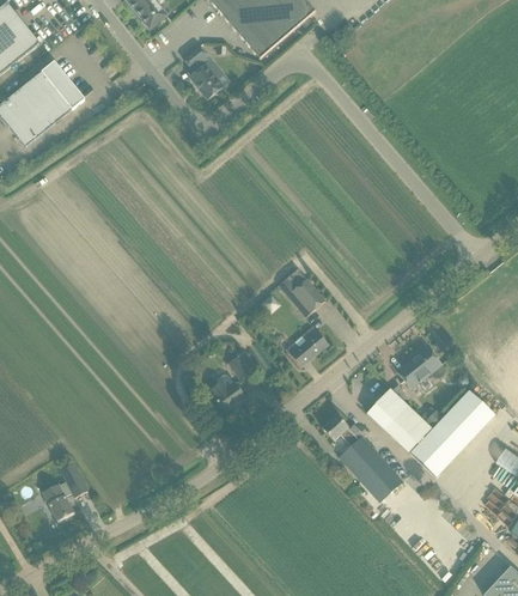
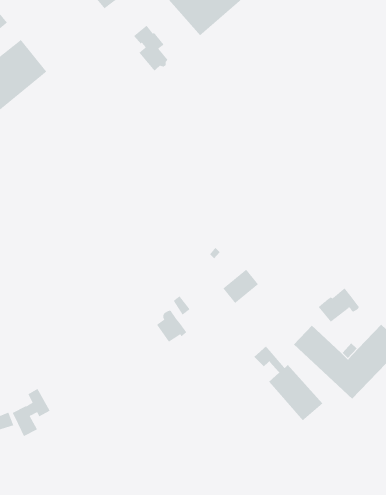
building: [286,278,324,316] -> none

